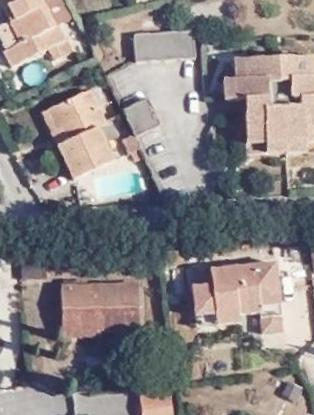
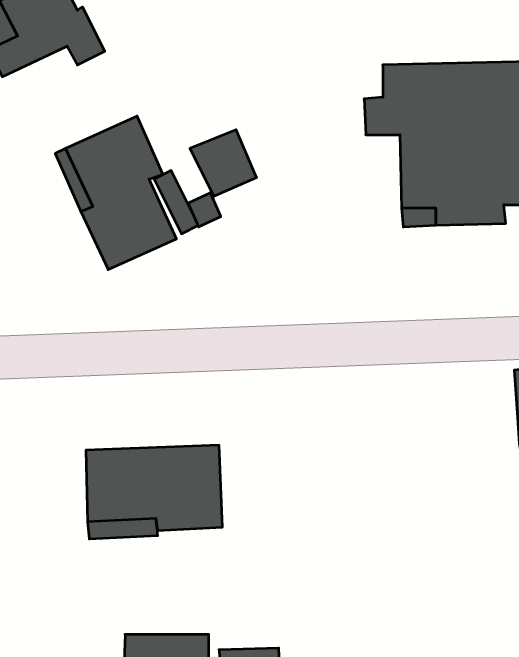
building: [133,28,194,59] -> none
building: [192,261,285,330] -> none

